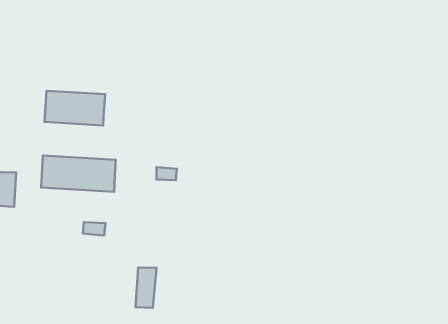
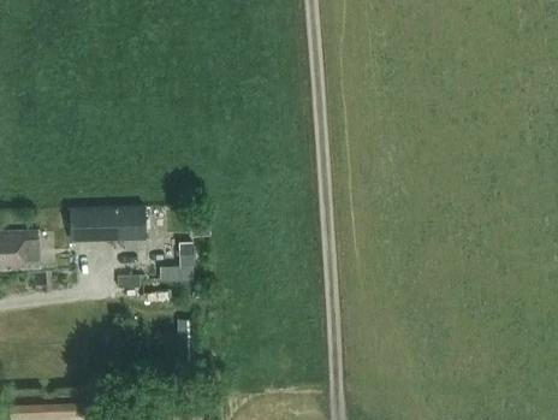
building: [44,91,105,125] -> none
building: none -> [158,243,191,282]

